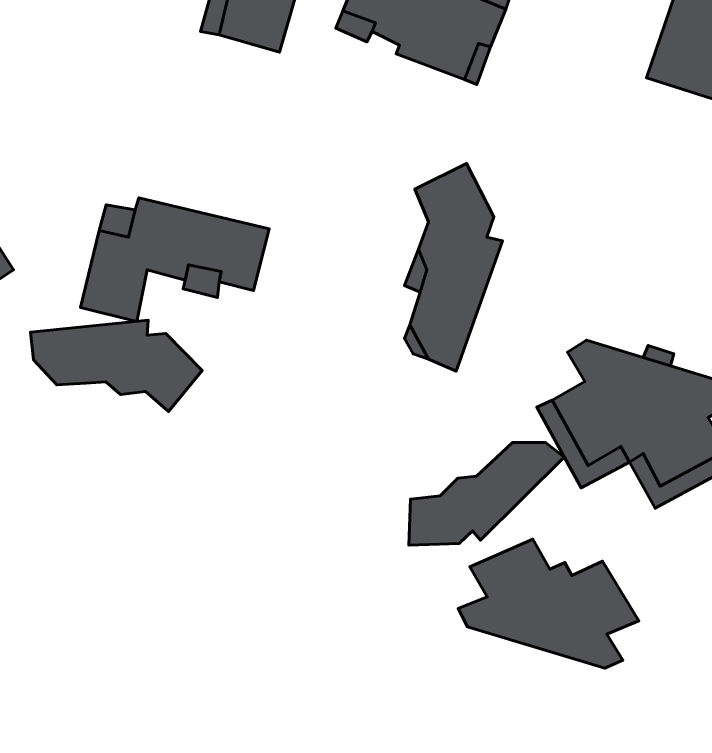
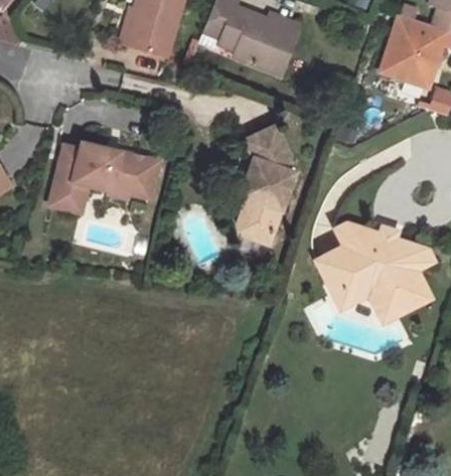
building: [30,320,202,411] -> none
building: [409,442,564,545] -> none
building: [458,539,639,668] -> none

